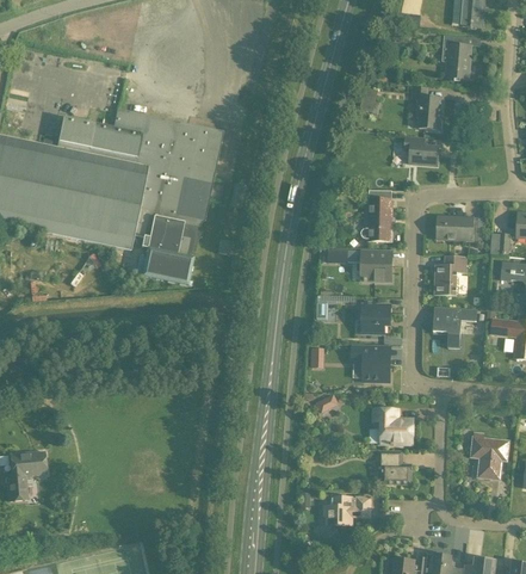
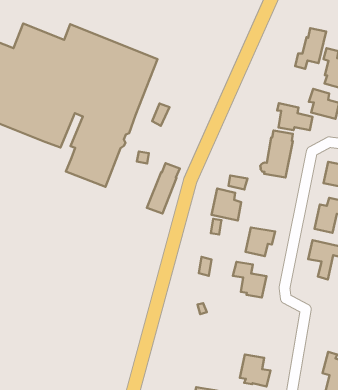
building: none -> [295,28,326,69]
building: none -> [277,103,313,130]
building: none -> [147,163,180,214]
building: [360,249,391,282] -> [212,189,241,220]
building: [373,408,411,444] -> none

